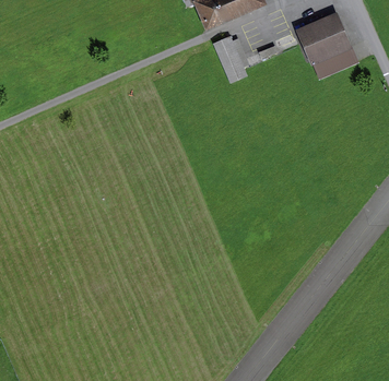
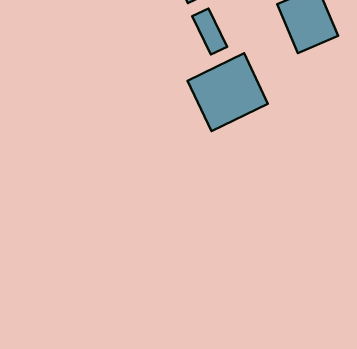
building: none -> [188,53,268,131]

